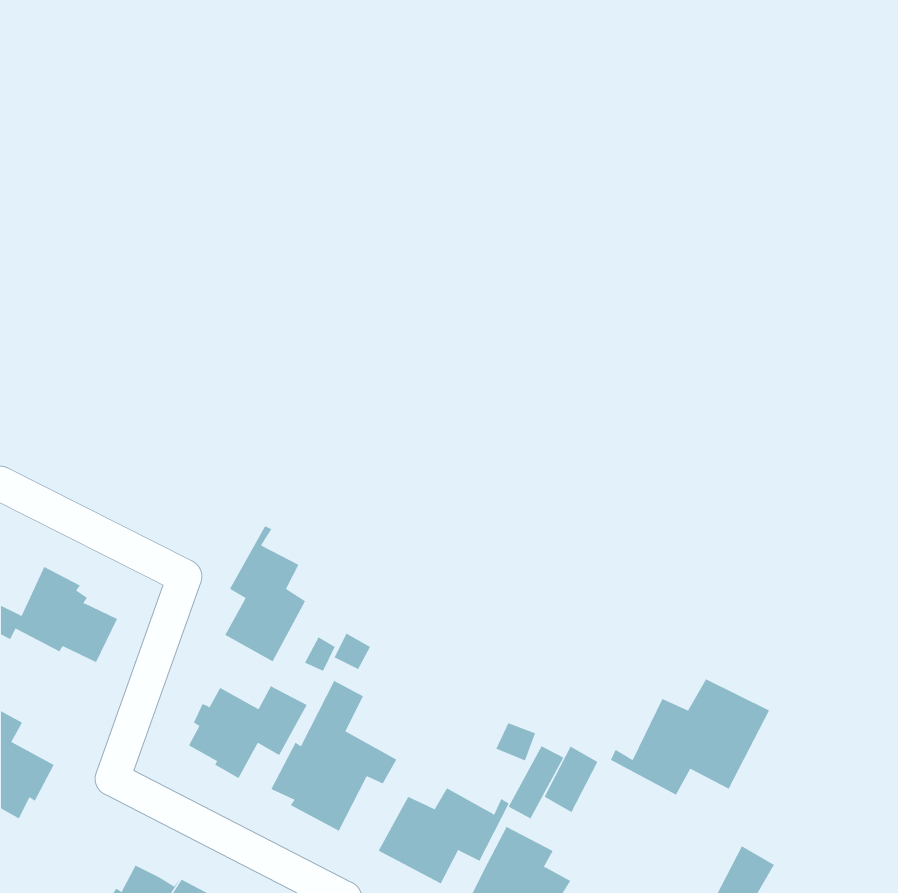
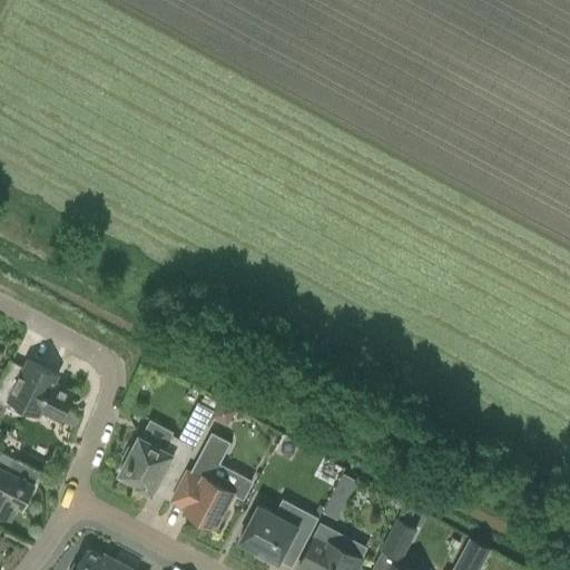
building: [224,525,306,662] -> none
building: [610,679,770,795] -> none
building: [544,746,598,813] -> [382,520,416,562]

